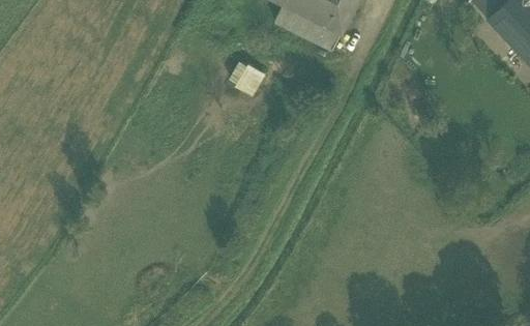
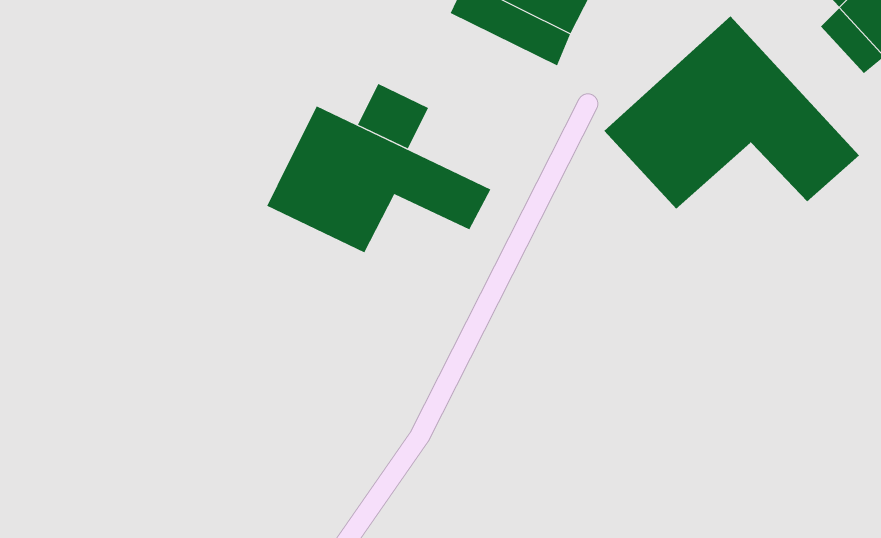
building: none -> [603,15,860,210]
building: none -> [266,105,491,253]

